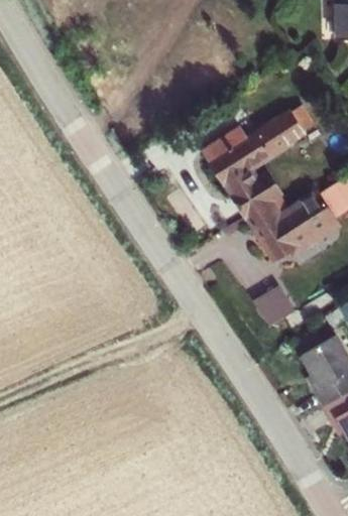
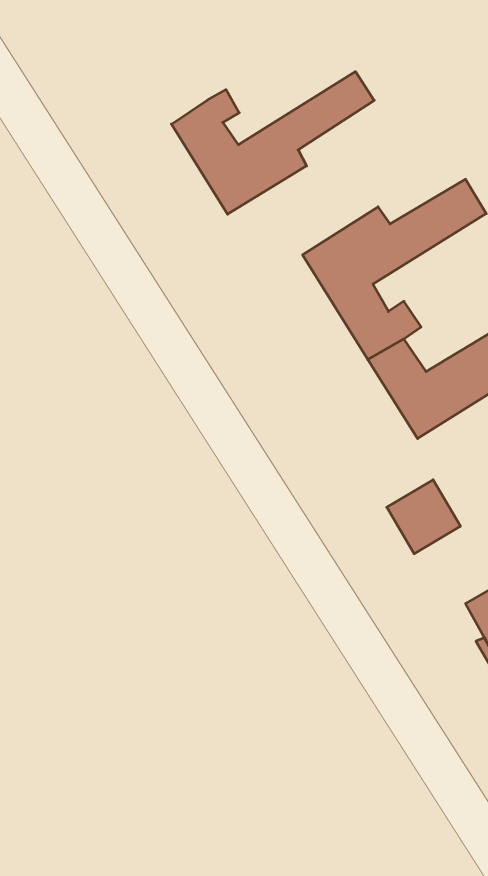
building: none -> [171,72,374,214]

